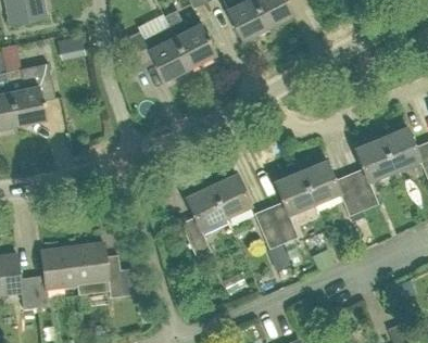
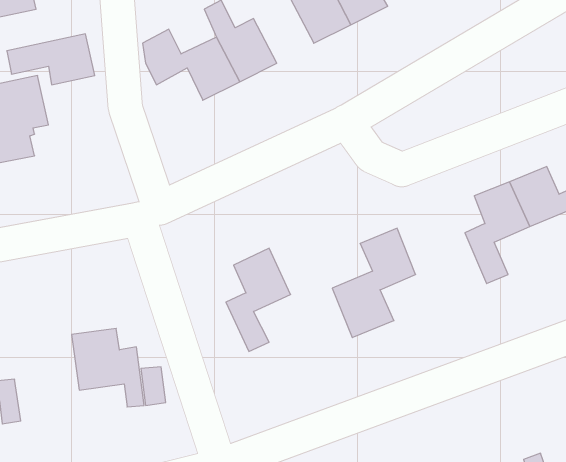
building: [301,160,364,215] -> none
building: [211,174,251,217] -> none
building: [32,245,77,306] -> none

